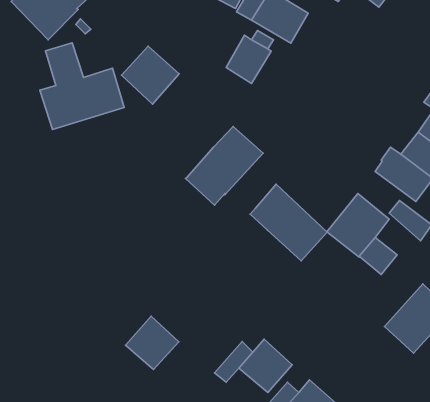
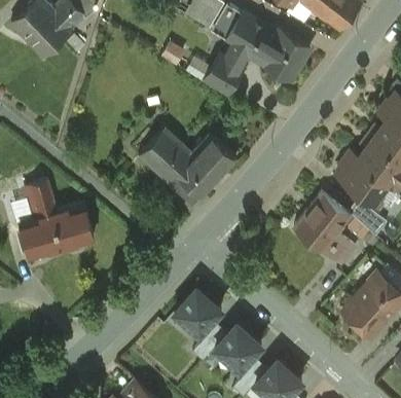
building: none -> [260,30,308,79]
building: [40,43,124,129] -> [17,180,93,257]
building: [121,46,179,104] -> [140,128,191,179]
building: [250,184,327,261] -> none
building: [126,316,179,369] -> [174,287,221,334]

